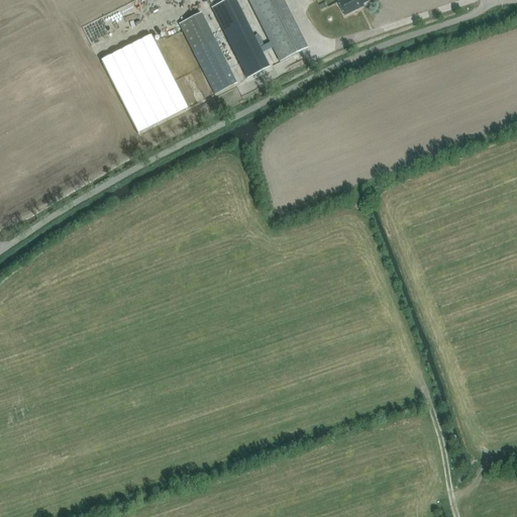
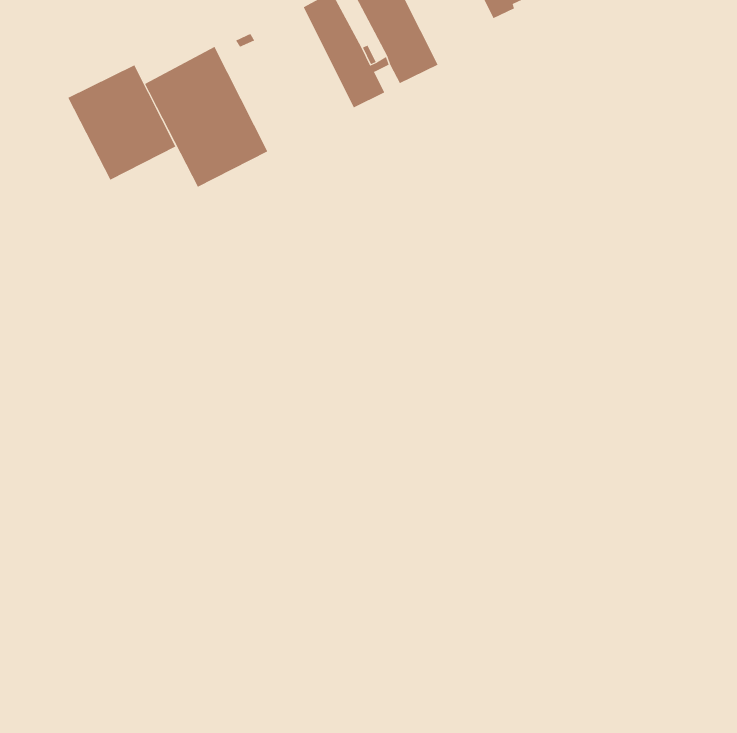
building: [179,10,236,92] -> none
building: none -> [67,64,176,180]

